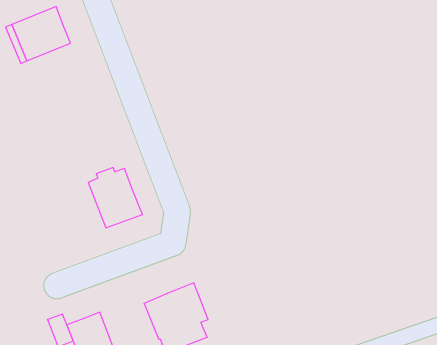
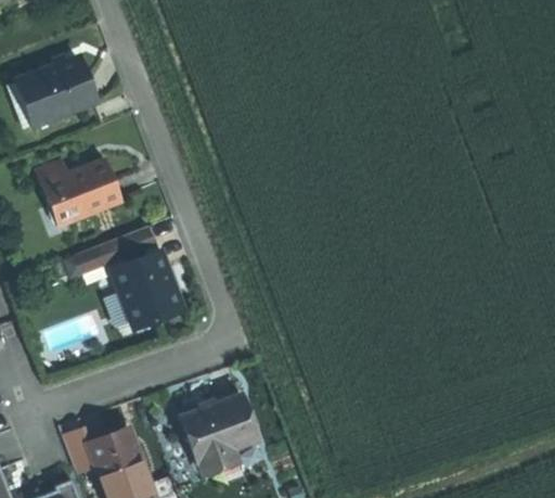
building: none -> [35,157,120,225]
building: none -> [74,227,156,276]

